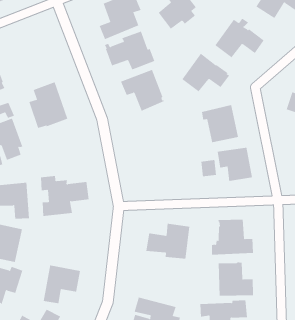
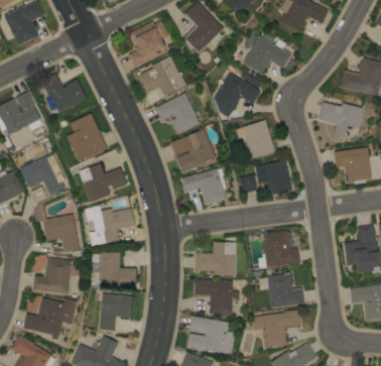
building: none -> [41,73,87,111]
building: none -> [170,128,215,172]
building: none -> [79,162,127,202]
building: none -> [180,167,226,205]
building: none -> [91,252,136,288]
building: none -> [194,279,239,317]

